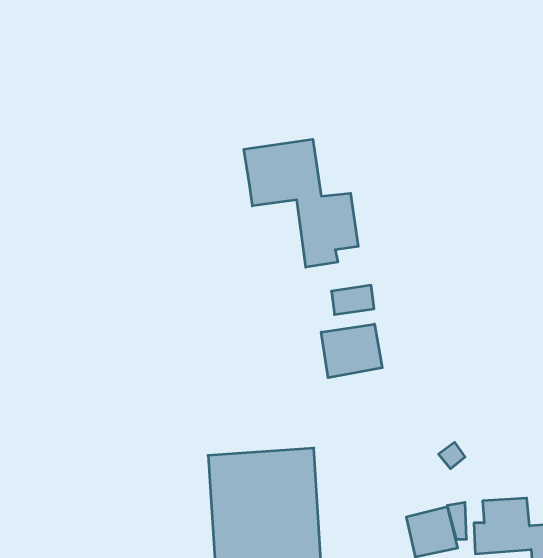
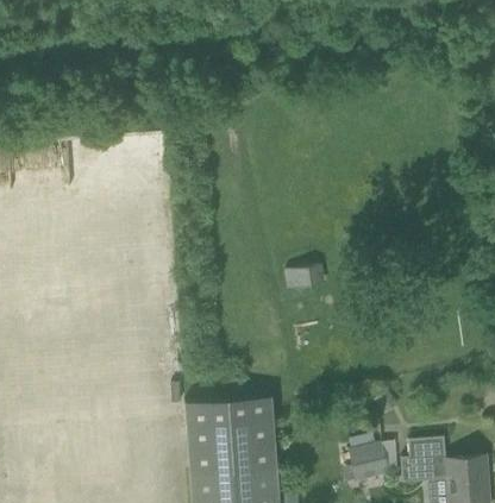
building: [244,139,358,267] -> none
building: [321,324,382,378] -> none

